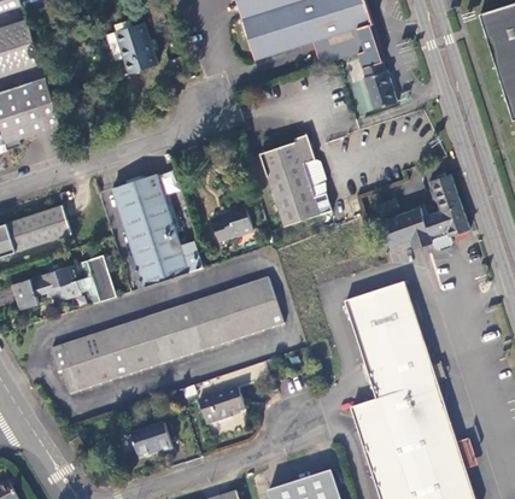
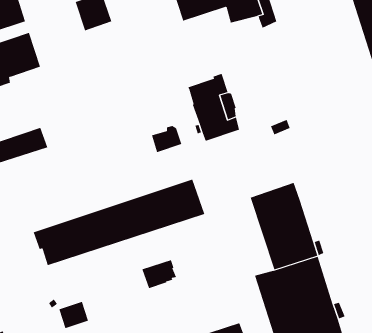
building: [361,61,396,111] -> none
building: [380,171,470,250] -> none
building: [112,174,201,286] -> none
building: [11,256,116,310] -> none
building: [130,421,171,458] -> [59,301,89,329]

